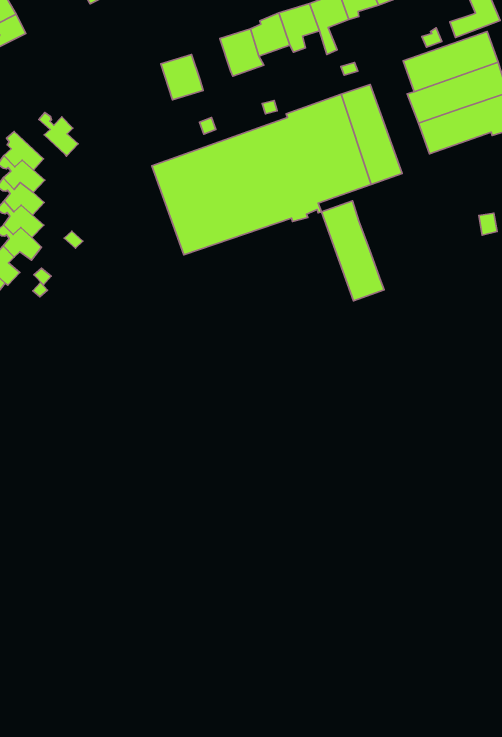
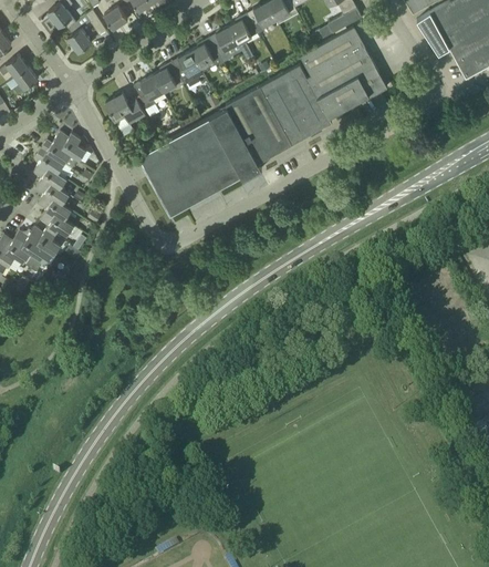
building: none -> [154,61,183,92]
building: none -> [106,93,145,128]
building: none -> [41,137,79,168]
building: [322,201,384,301] -> [280,64,332,133]

